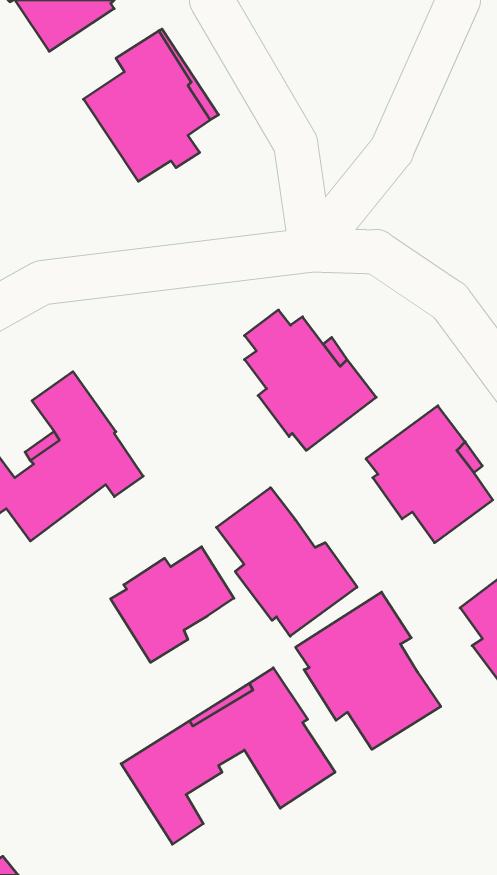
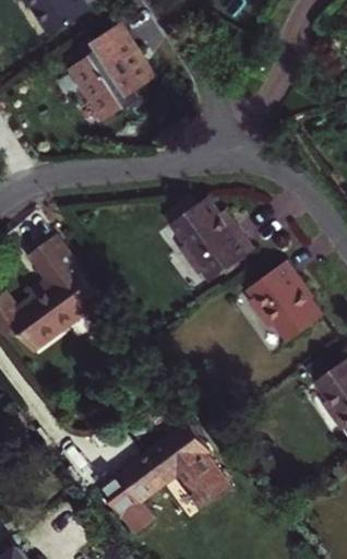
building: [216,488,357,636] -> none
building: [111,547,234,662] -> none
building: [296,592,441,749] -> none

